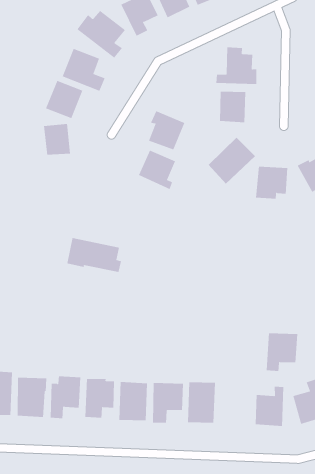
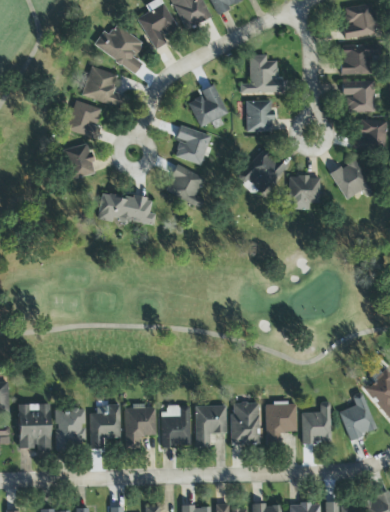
building: none -> [188,84,228,126]
building: [66,238,122,273] -> [98,191,155,224]
building: [266,333,298,371] -> [265,401,296,441]

